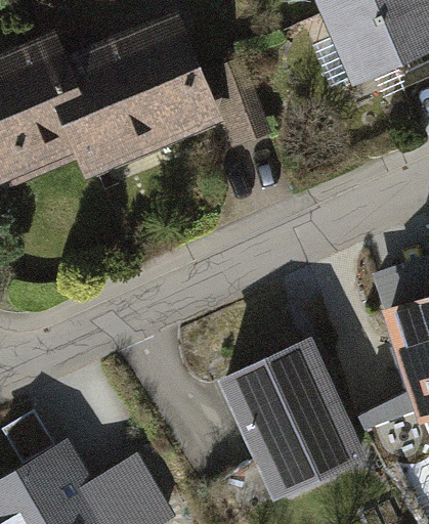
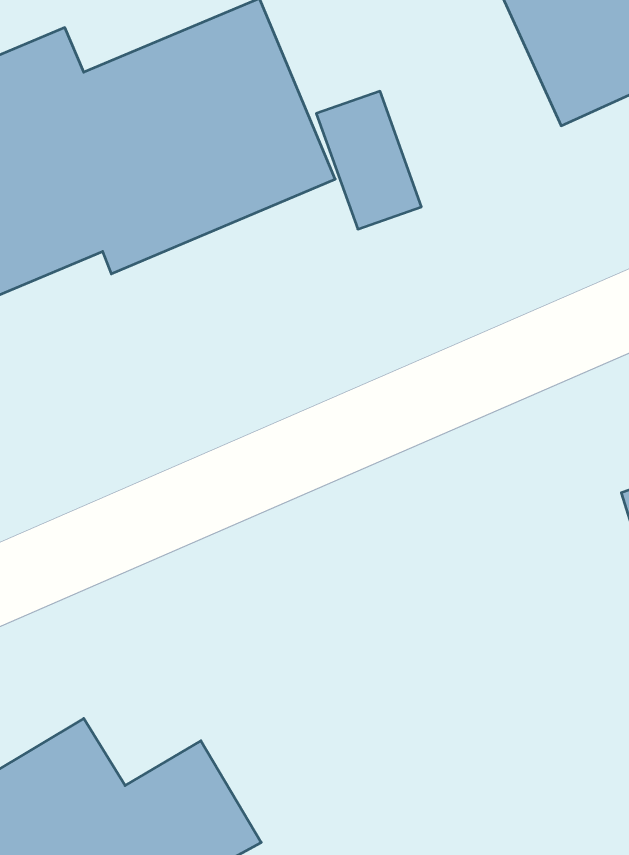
building: [221,342,370,505] -> none

